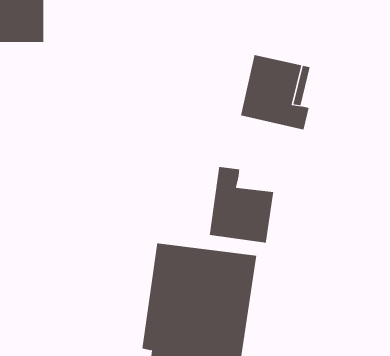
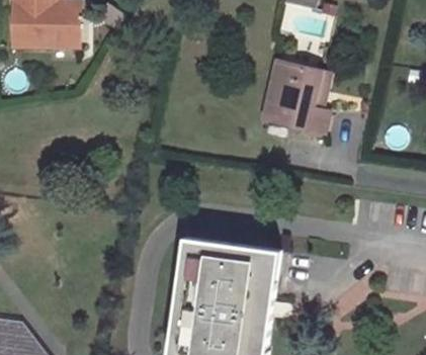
building: [209,166,274,244] -> none

